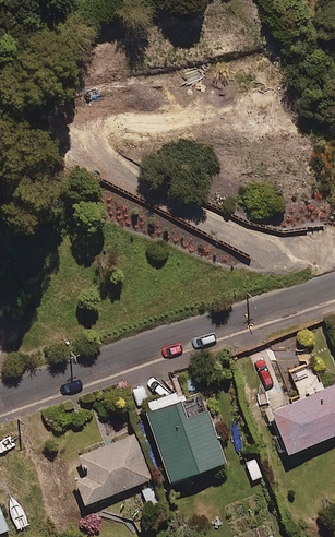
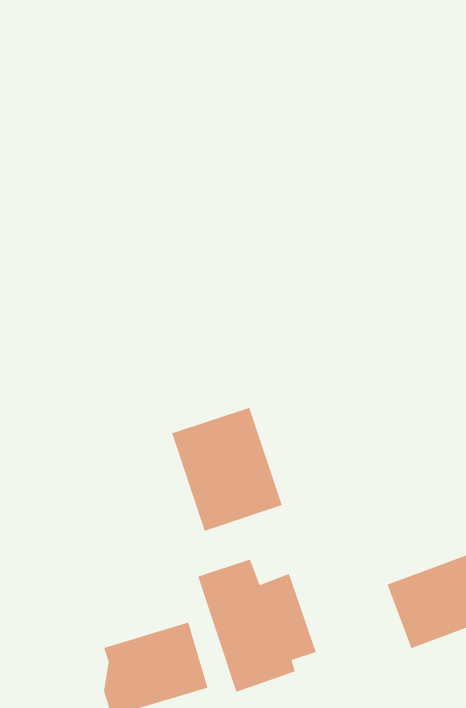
building: none -> [171,407,283,532]

